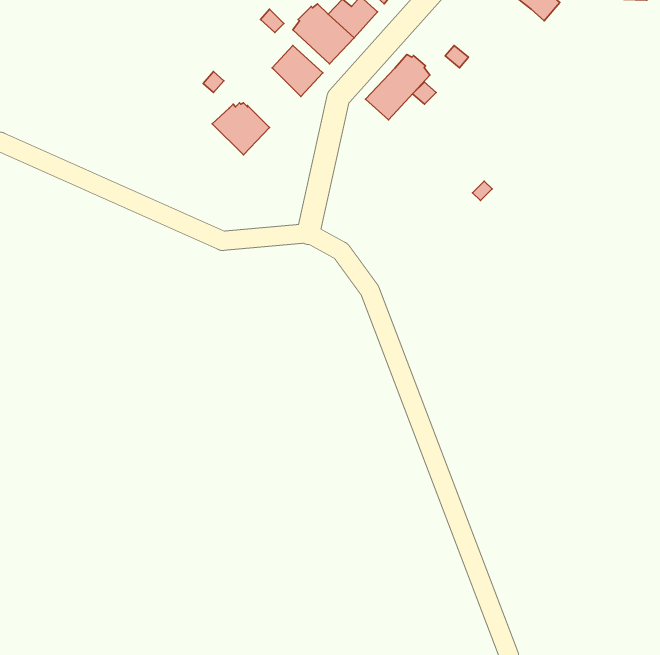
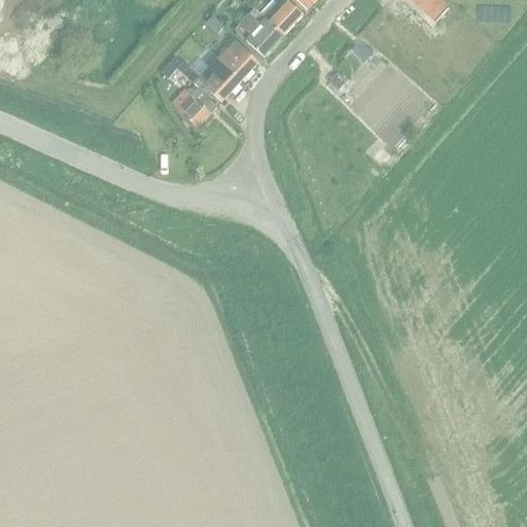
building: [365,55,430,120] -> none
building: none -> [189,55,242,98]

